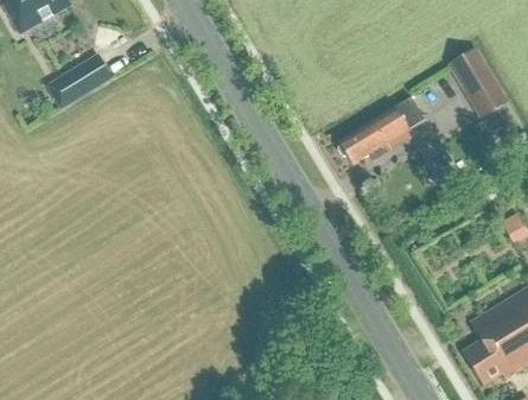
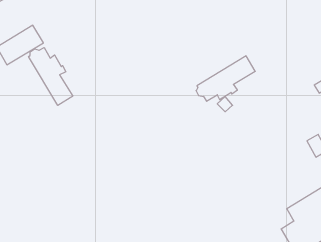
building: [447,46,510,119] -> none
building: none -> [29,48,73,105]

